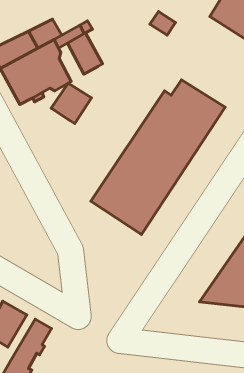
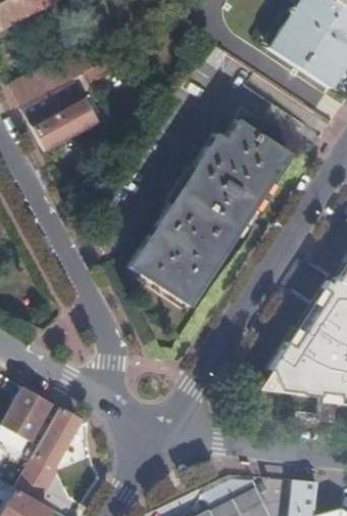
building: [68,33,103,74] -> none
building: [51,83,91,124] -> none

